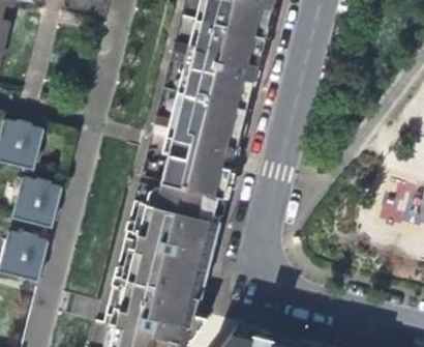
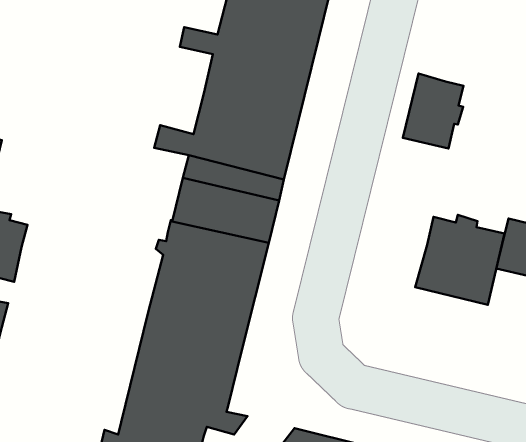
building: none -> [403,74,463,149]
building: none -> [415,215,505,305]

